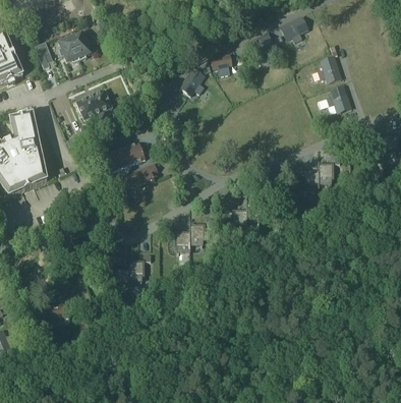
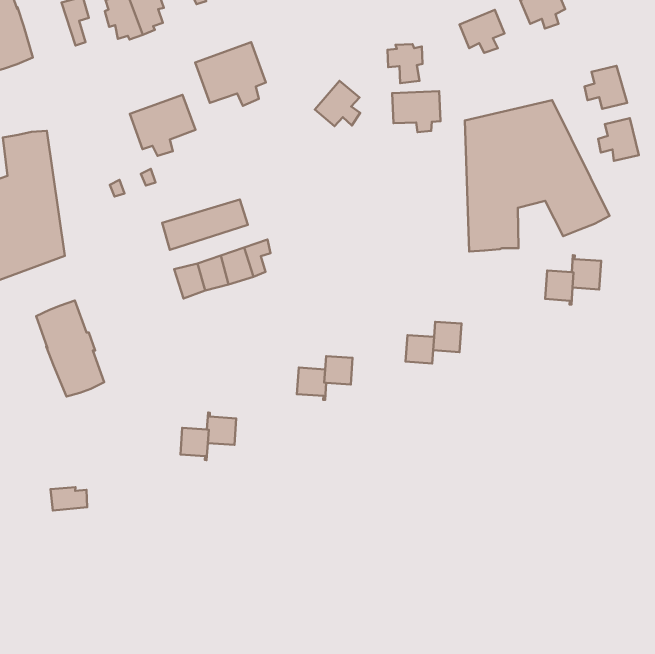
building: none -> [195,42,266,106]
building: none -> [392,91,441,132]
building: none -> [465,100,610,252]
building: none -> [36,301,104,397]

